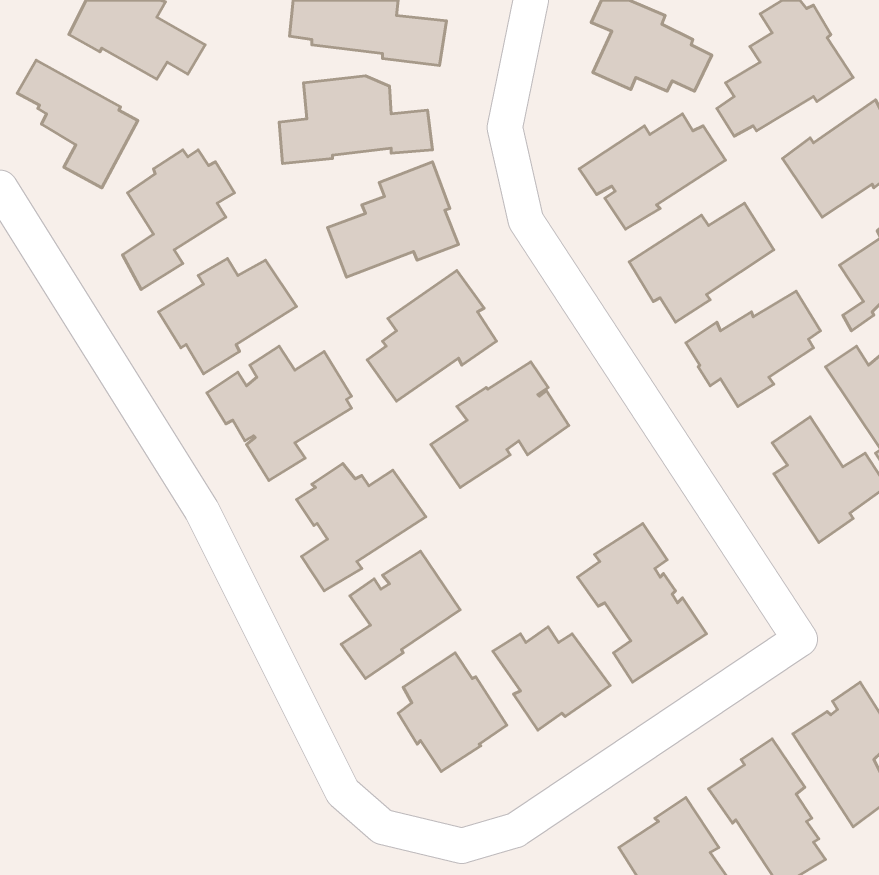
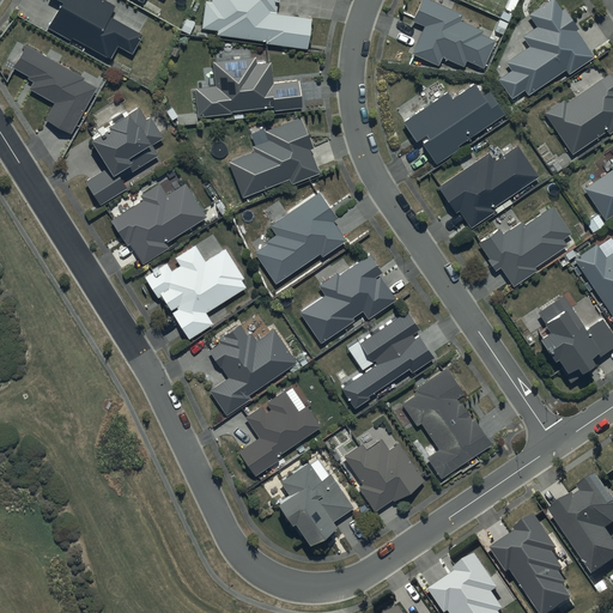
building: none -> [341,311,433,407]

